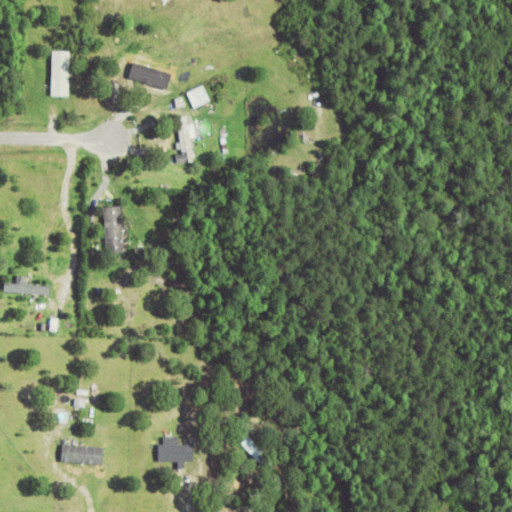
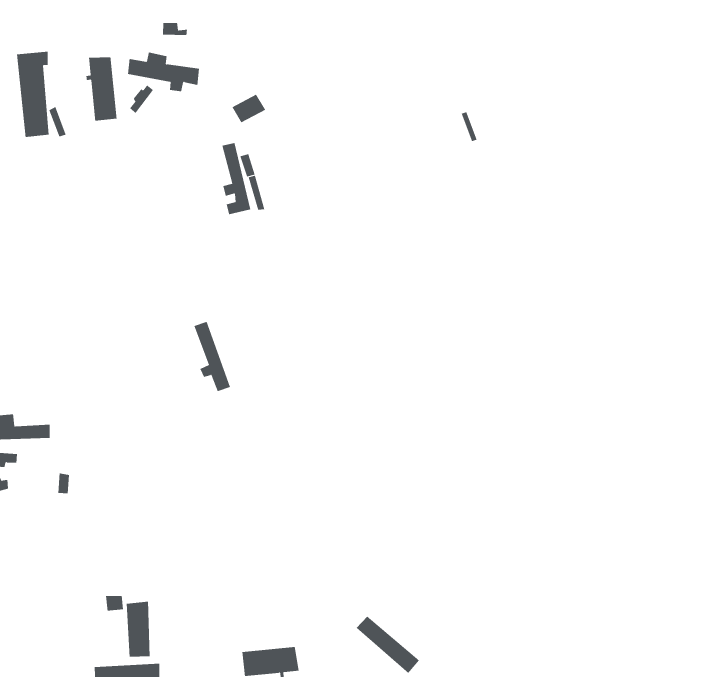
building: none -> [86,57,117,121]
building: [111,209,131,255] -> [193,321,231,392]
building: none -> [126,601,150,658]

